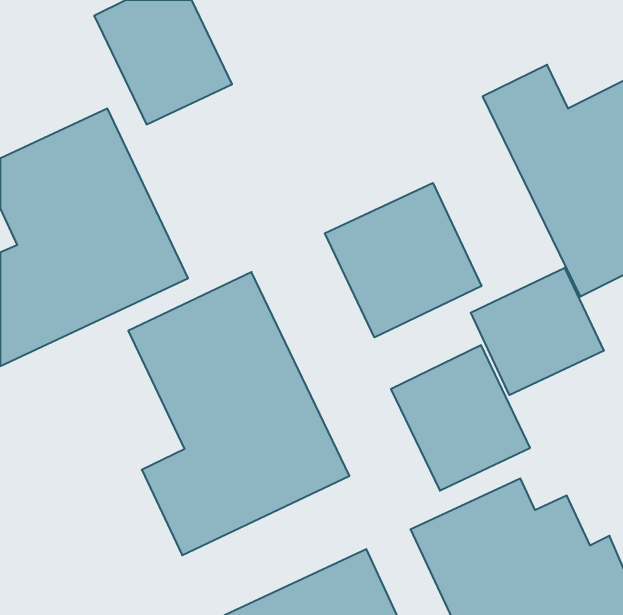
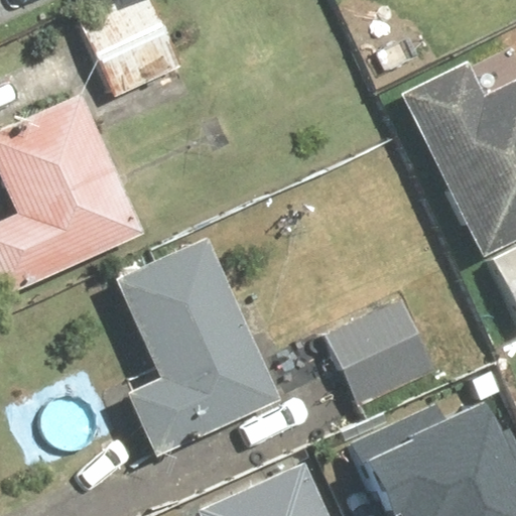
building: [325,183,481,337] -> none
building: [471,268,604,395] -> none

